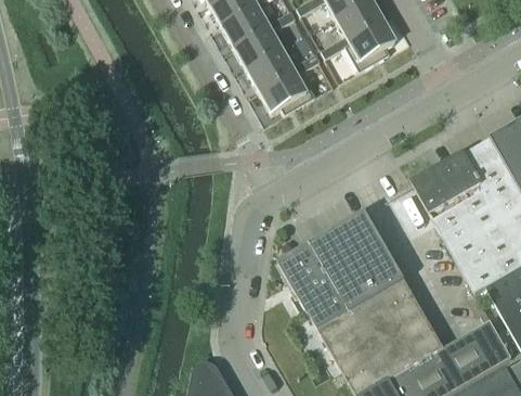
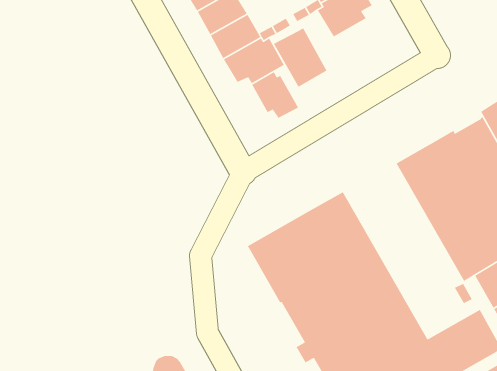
building: none -> [273,27,328,88]
building: none -> [251,71,299,119]

